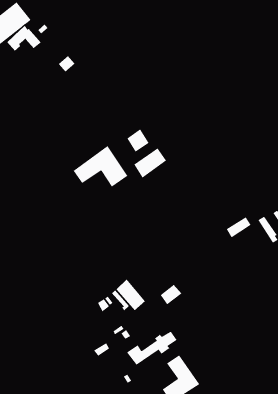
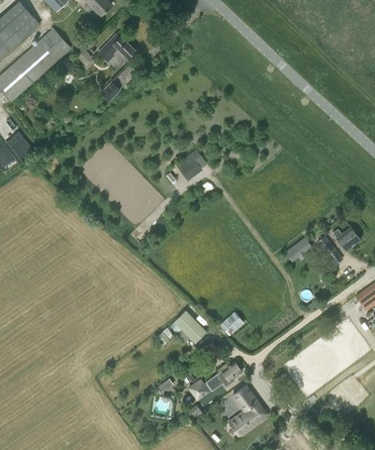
building: [7,25,42,51] -> [98,33,134,62]
building: [73,145,128,187] -> none
building: [133,148,167,179] -> none

